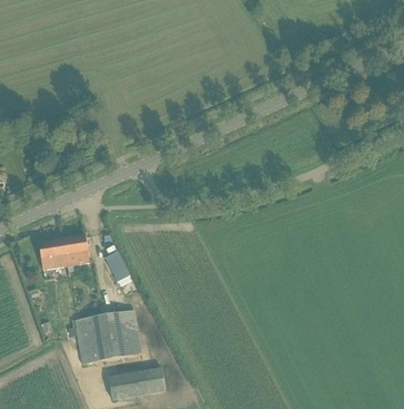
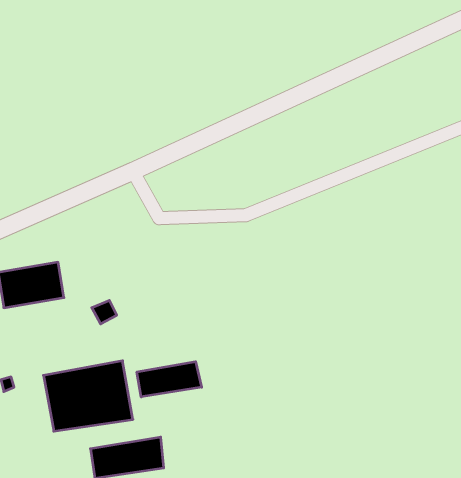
building: none -> [137,362,202,397]

